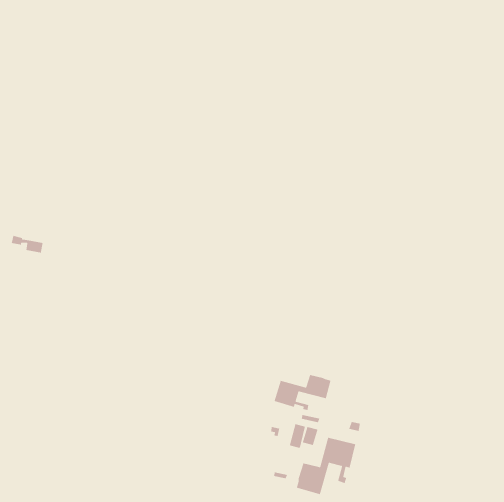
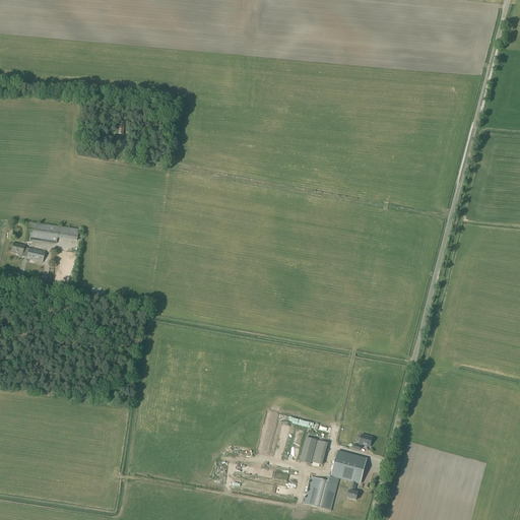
building: none -> [24,220,78,243]
building: [273,374,332,411] -> none

